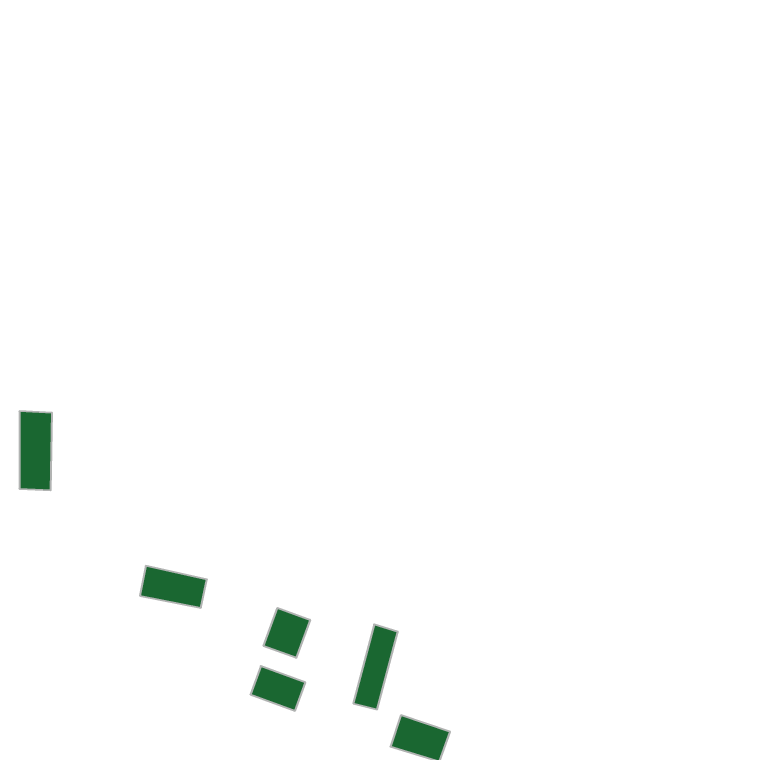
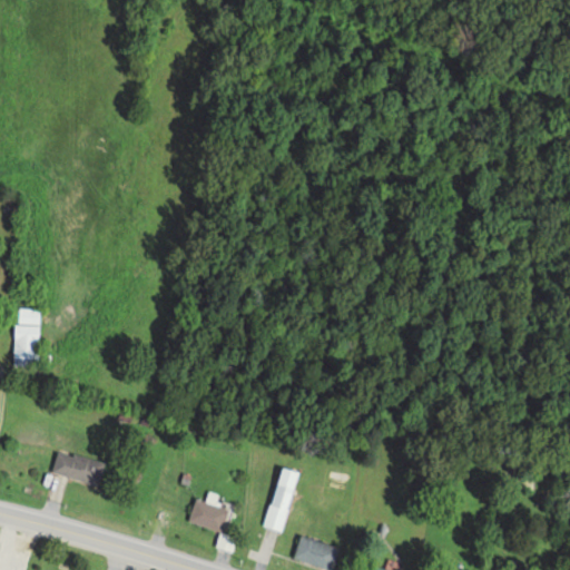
building: [140,566,207,608] -> [52,452,102,483]
building: [264,608,310,658] -> none

